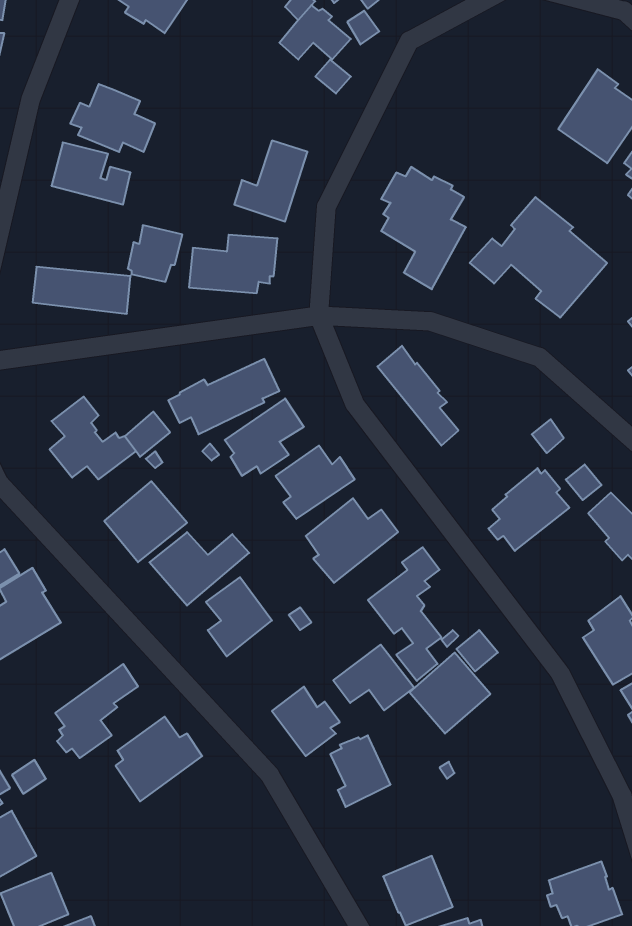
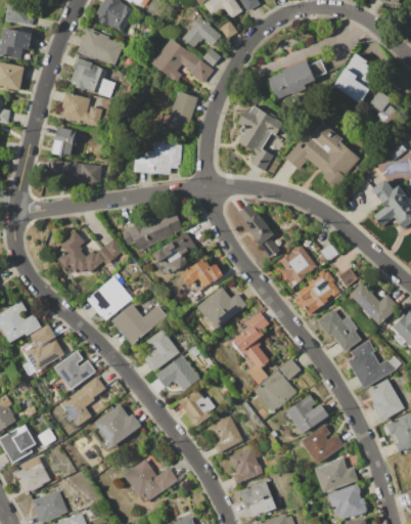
building: none -> [78,28,123,66]
building: none -> [152,38,214,89]
building: none -> [268,58,327,99]
building: [128,225,182,282] -> [50,126,80,157]
building: none -> [280,244,319,288]
building: none -> [317,309,362,352]
building: none -> [51,349,96,393]
building: [333,645,414,710] -> [156,355,200,391]
building: none -> [282,395,329,433]
building: none -> [303,425,345,463]
building: none -> [228,446,264,484]
building: none -> [316,456,359,492]
building: none -> [124,458,179,504]

